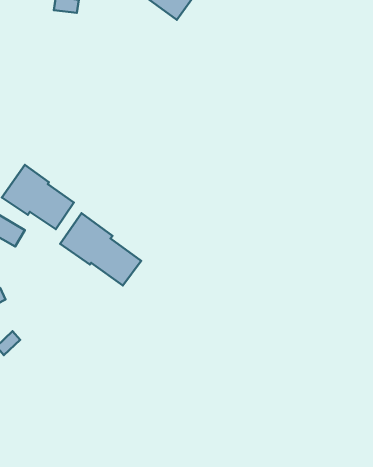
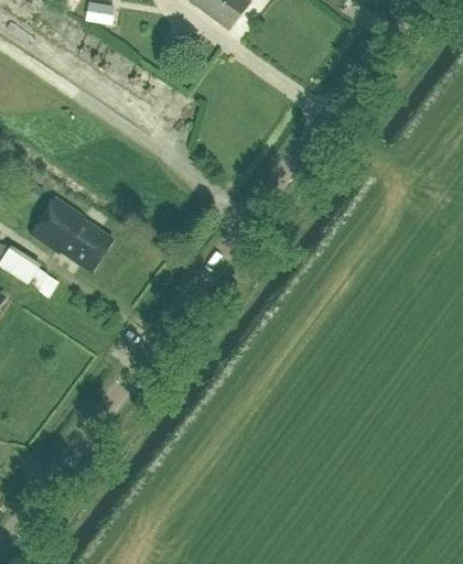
building: [60,213,141,285] -> none

